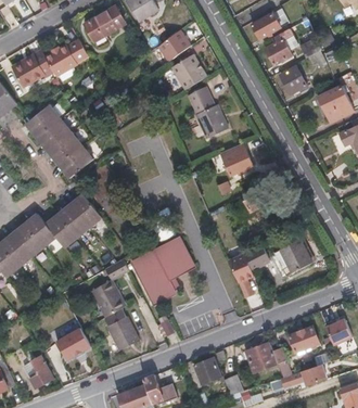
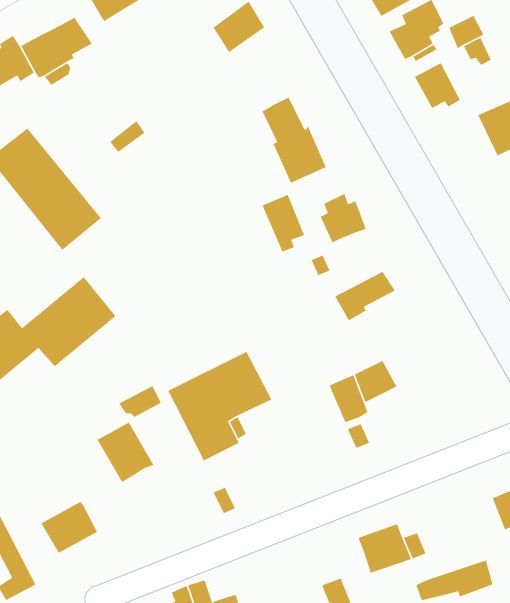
building: [172,54,205,89] -> none
building: none -> [262,194,305,253]
building: [272,239,311,277] -> none
building: [103,309,138,350] -> none
building: [289,326,319,353] -> none
building: [193,358,220,384] -> none

